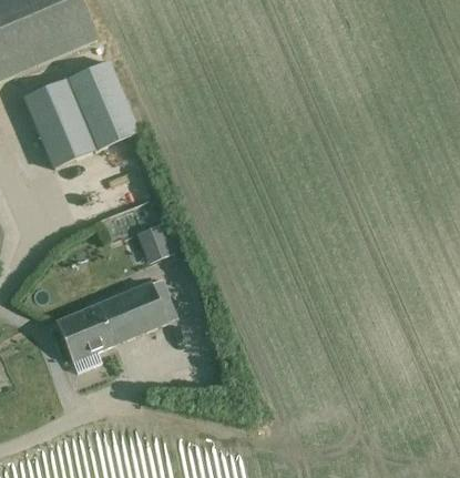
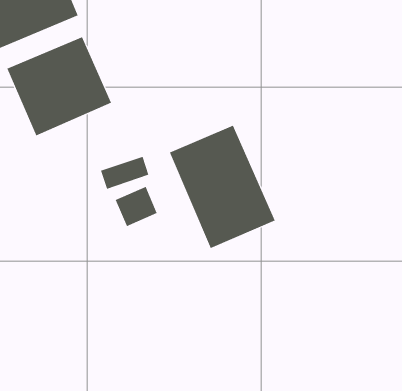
building: none -> [169,125,275,249]
building: [55,281,168,370] -> none

